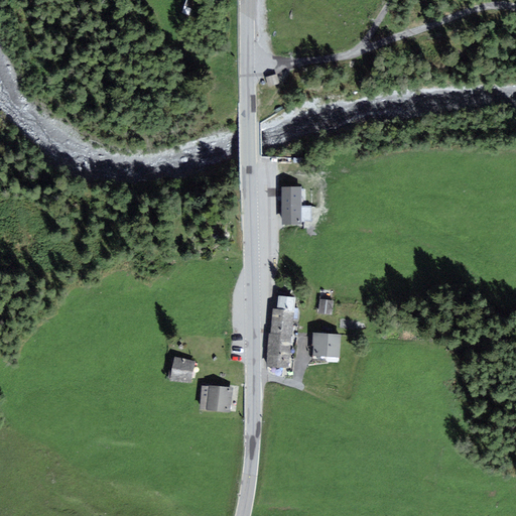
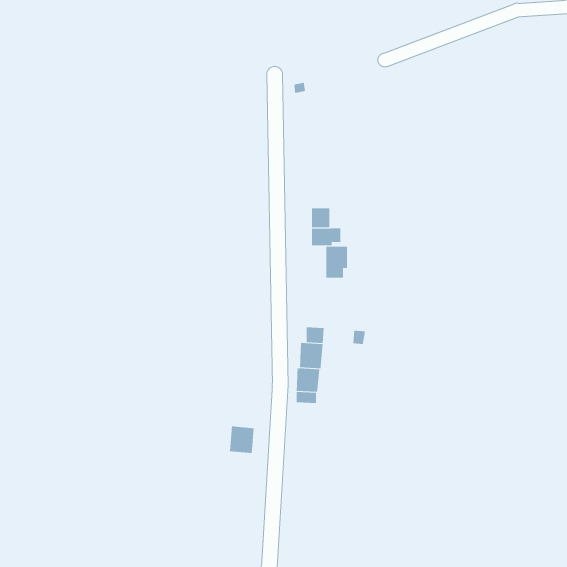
building: none -> [326,246,348,279]
building: [314,335,339,355] -> none
building: [170,357,192,382] -> none

